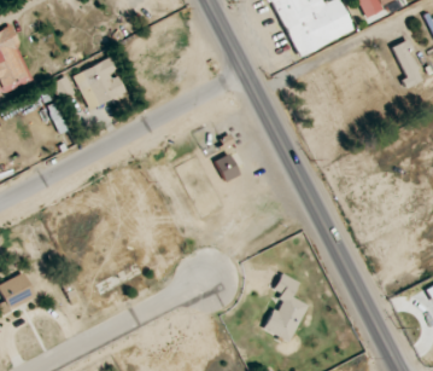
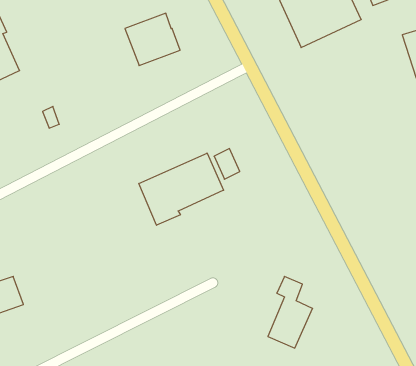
building: [75,58,127,108] -> [125,13,180,66]
building: none -> [139,153,224,225]

